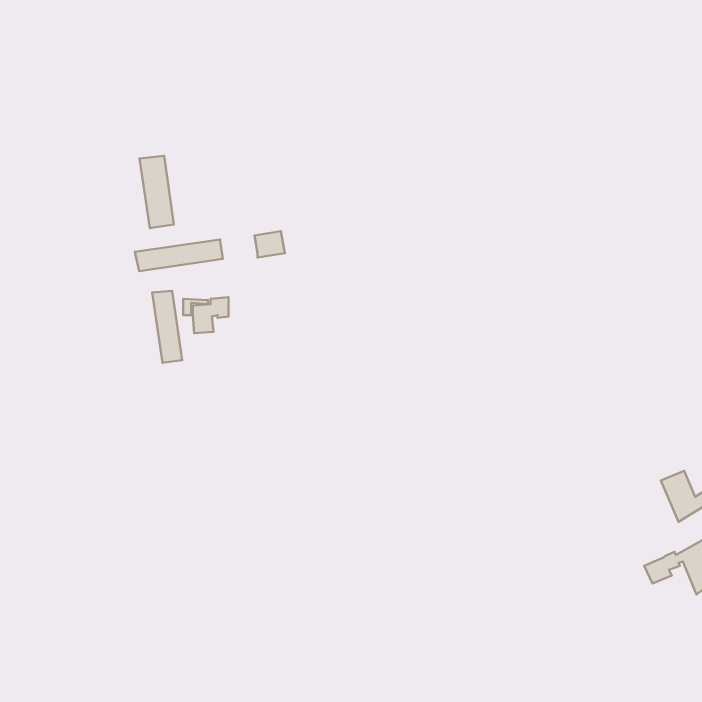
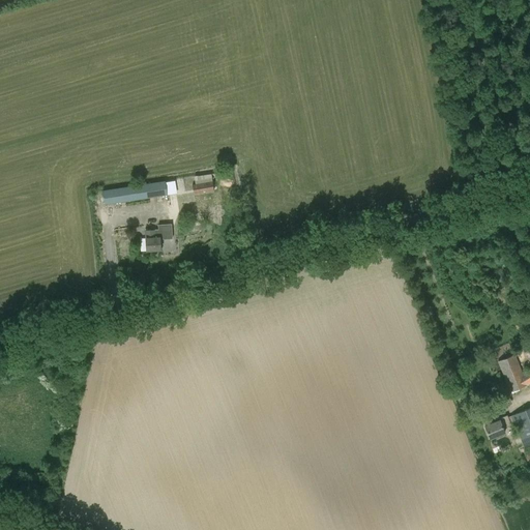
building: [140,156,174,228] -> none
building: [152,291,182,363] -> none

